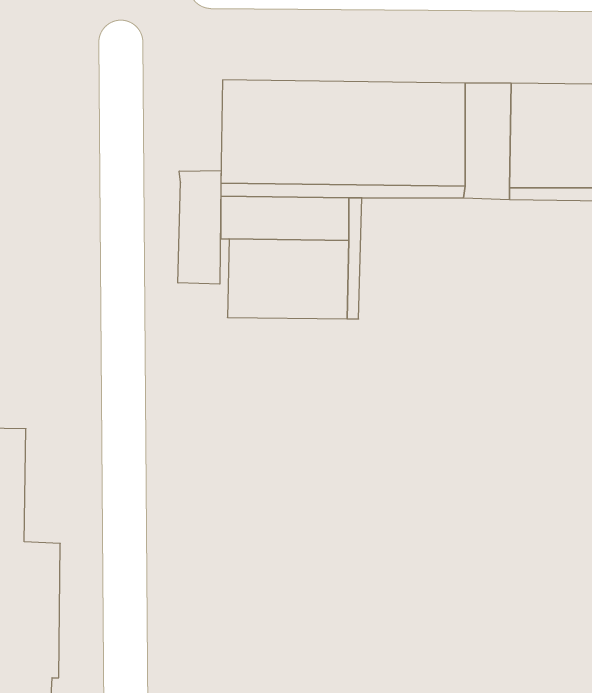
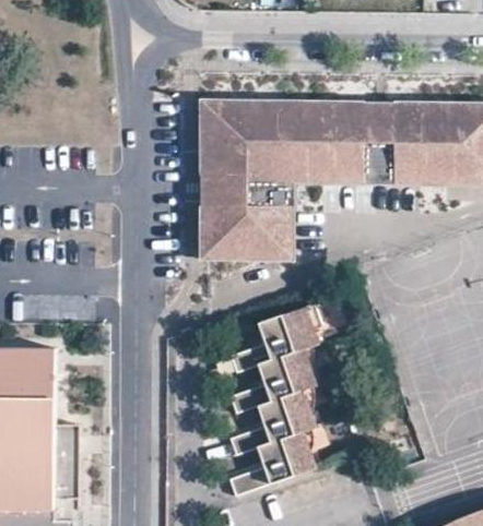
building: [178,171,221,284] -> none
building: none -> [229,297,320,494]

